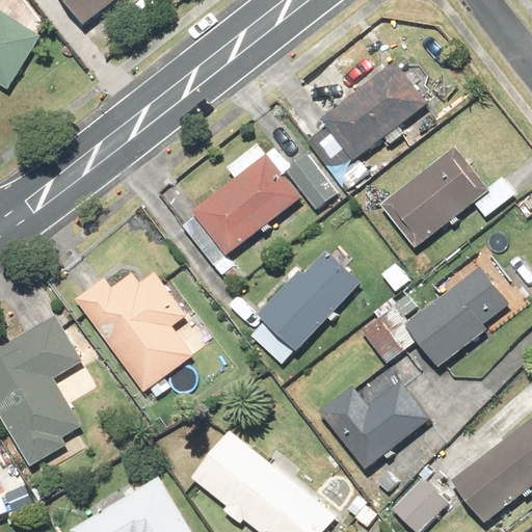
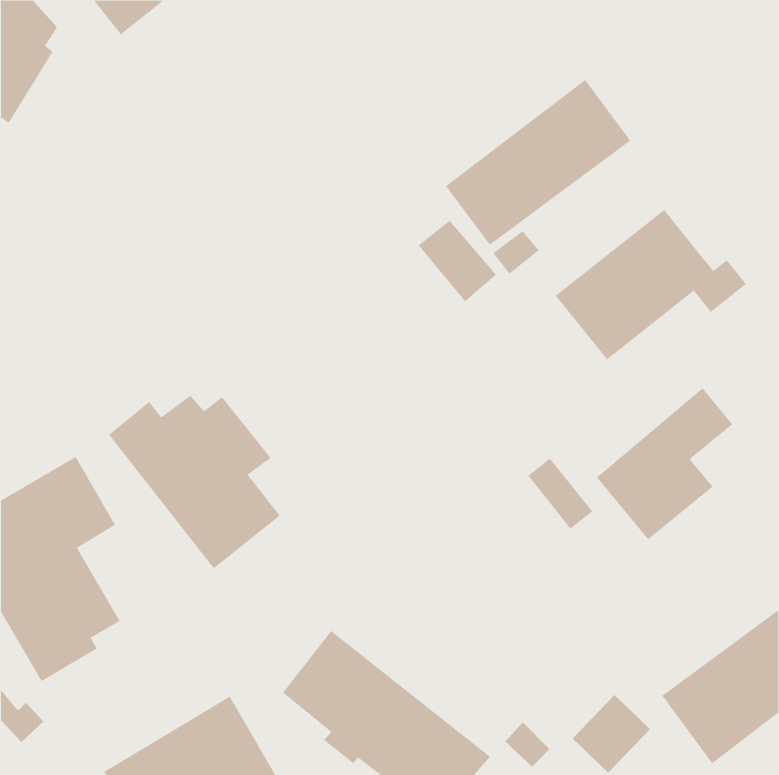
building: [190,143,297,254] -> none
building: [247,250,361,369] -> none
building: [320,382,425,466] -> none

